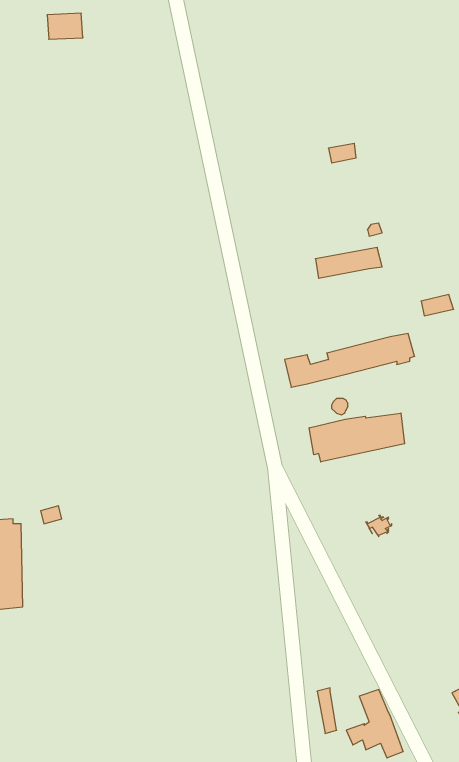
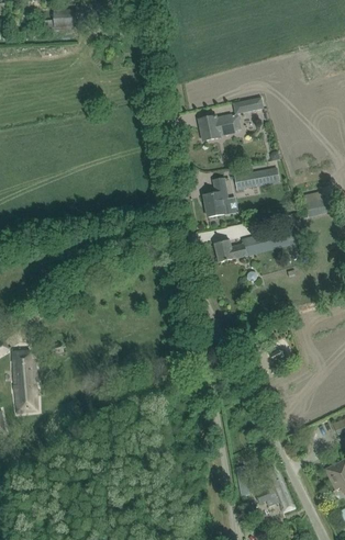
building: none -> [198,114,241,142]
building: none -> [204,178,226,217]
building: [309,413,405,462] -> none

